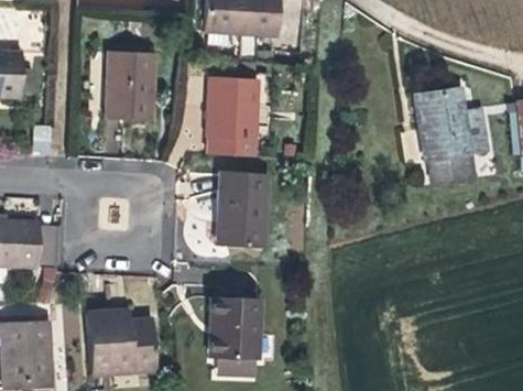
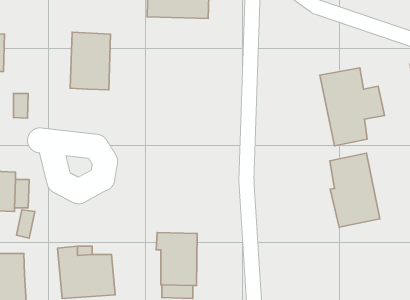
building: [201,78,255,153] -> none
building: [218,169,266,243] -> none
building: none -> [330,153,380,227]

